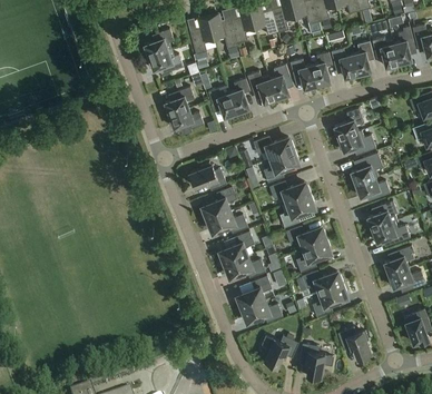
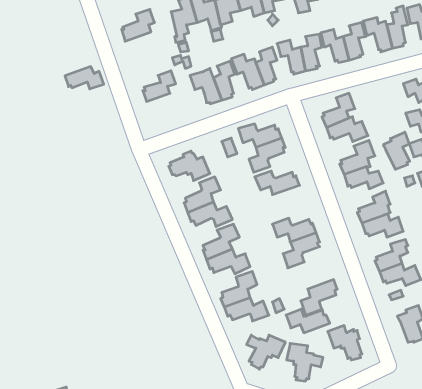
building: [147,49,184,70] -> [65,67,104,89]
building: [167,107,204,128] -> none
building: none -> [384,132,410,169]
building: [281,194,314,226] -> none
building: [303,269,344,292] -> [286,309,330,333]

